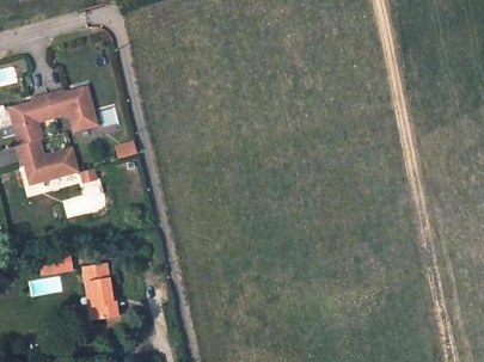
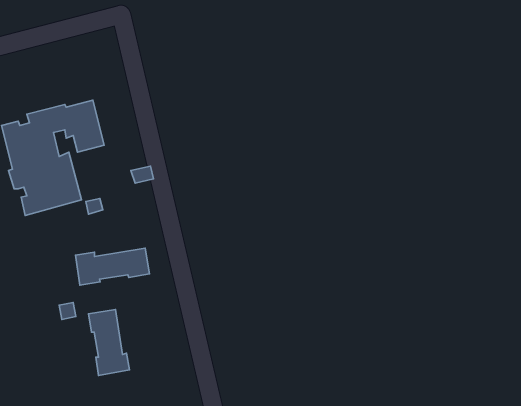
building: none -> [76,248,149,285]

